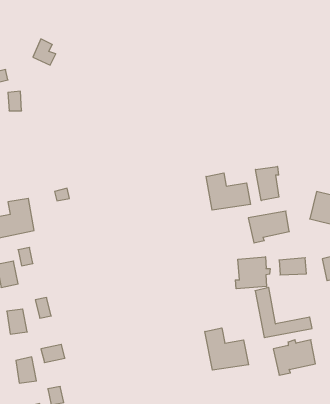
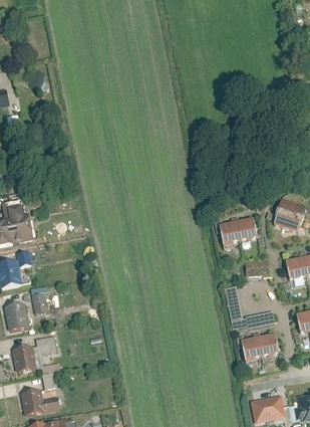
building: [256,166,279,201] -> none
building: [206,173,251,210] -> none
building: [235,257,270,289] -> none
building: [205,328,249,370] -> none

